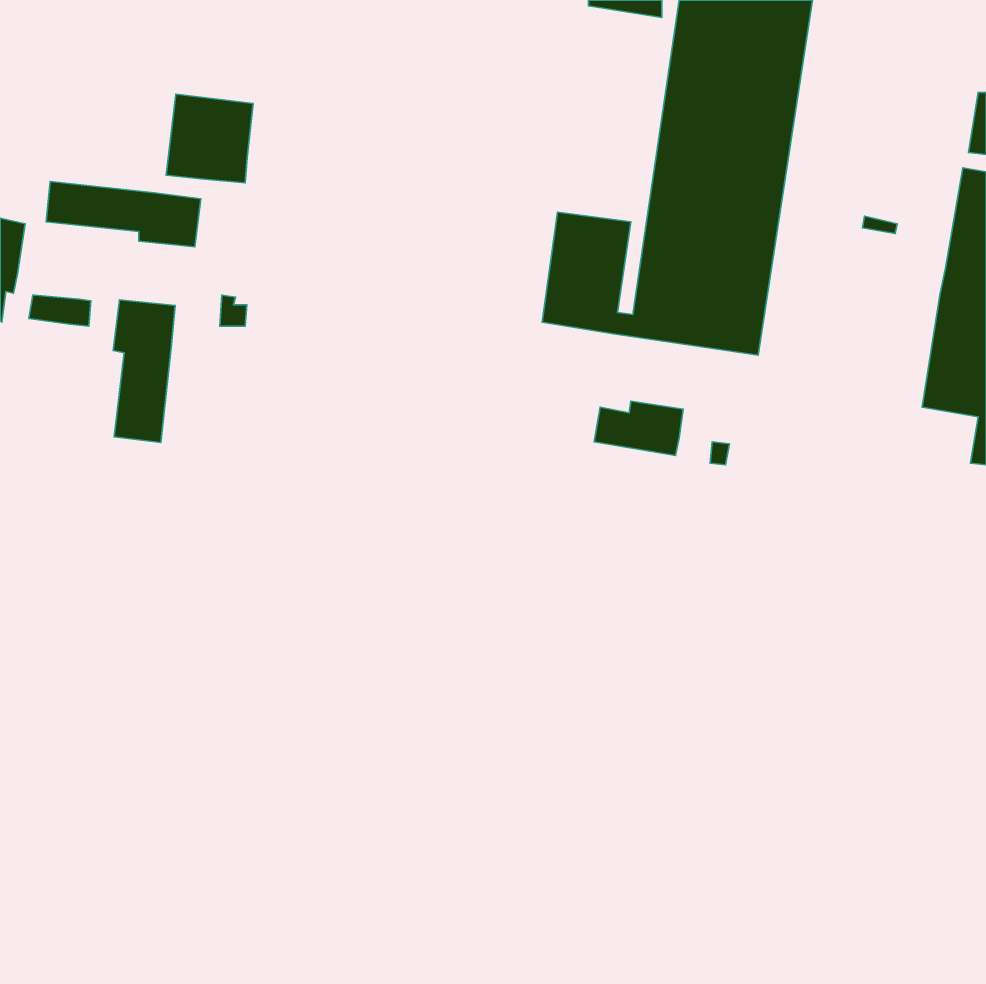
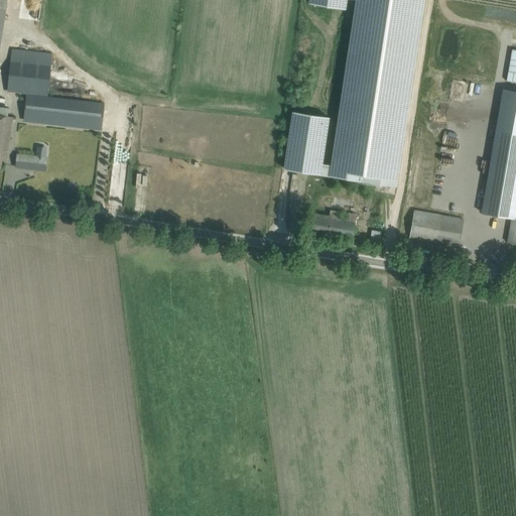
building: [166,94,253,183] -> [7,49,52,96]
building: [113,300,175,442] -> none
building: none -> [410,212,463,247]

